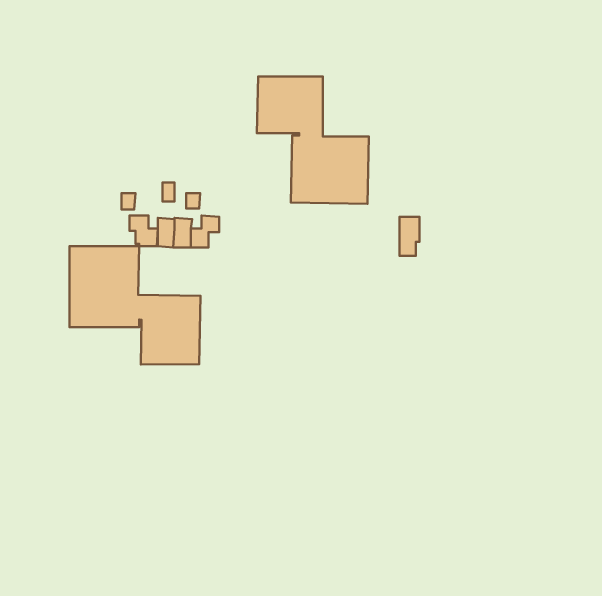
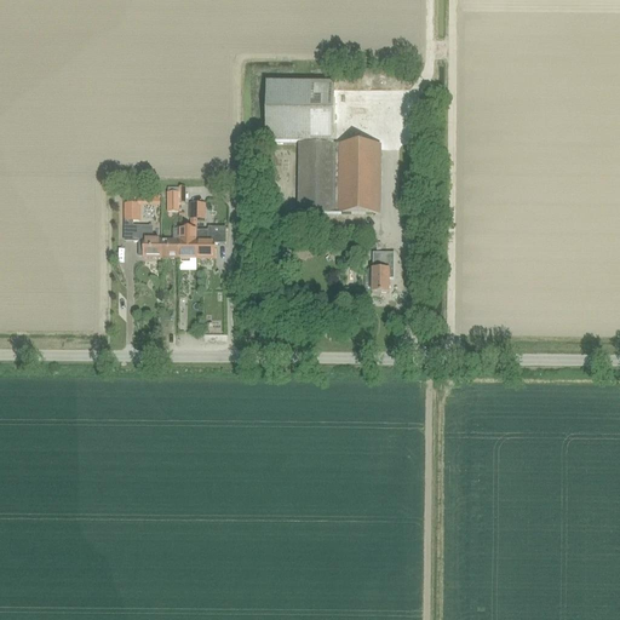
building: [399,217,419,256] -> [372,248,392,288]
building: [70,246,200,365] -> none

